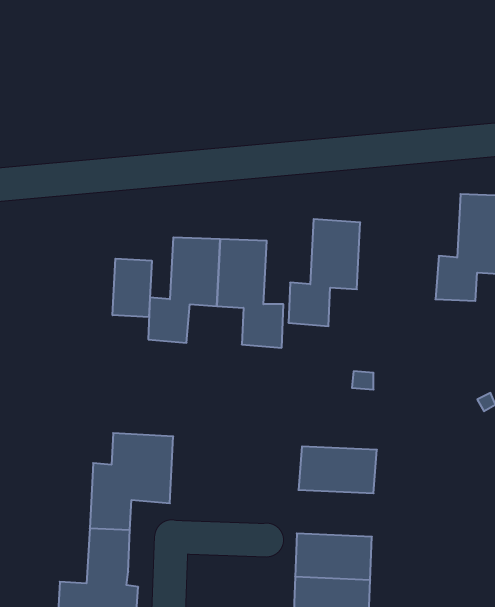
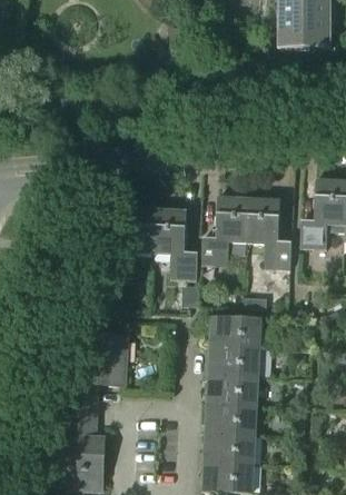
building: none -> [247,197,291,269]
building: [113,259,152,317] -> none
building: none -> [210,315,261,348]
building: none -> [207,375,258,406]

